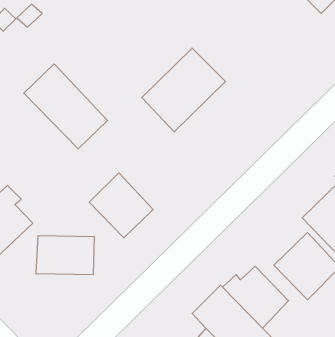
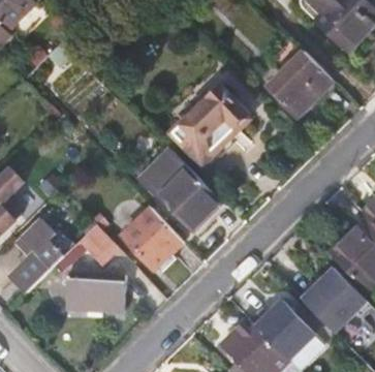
building: none -> [269,52,333,116]
building: [24,64,108,149] -> [139,149,222,233]
building: none -> [64,225,119,268]

